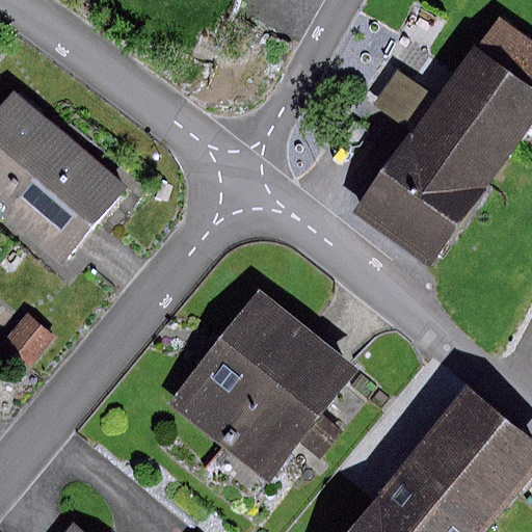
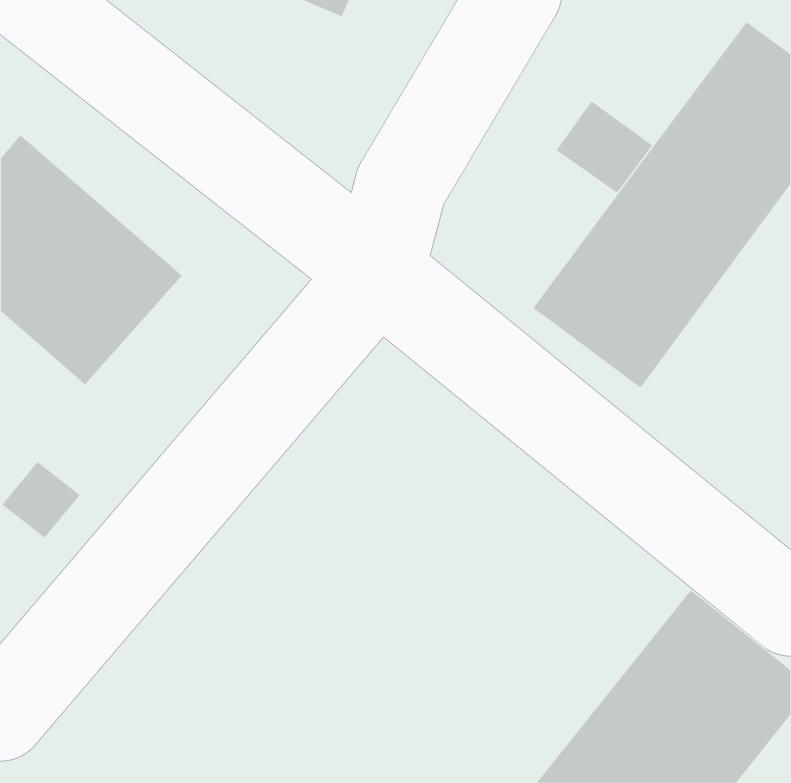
building: [176,295,353,475] -> none

